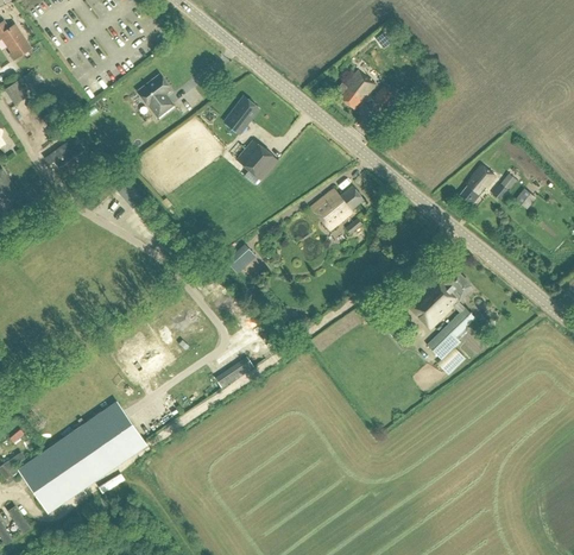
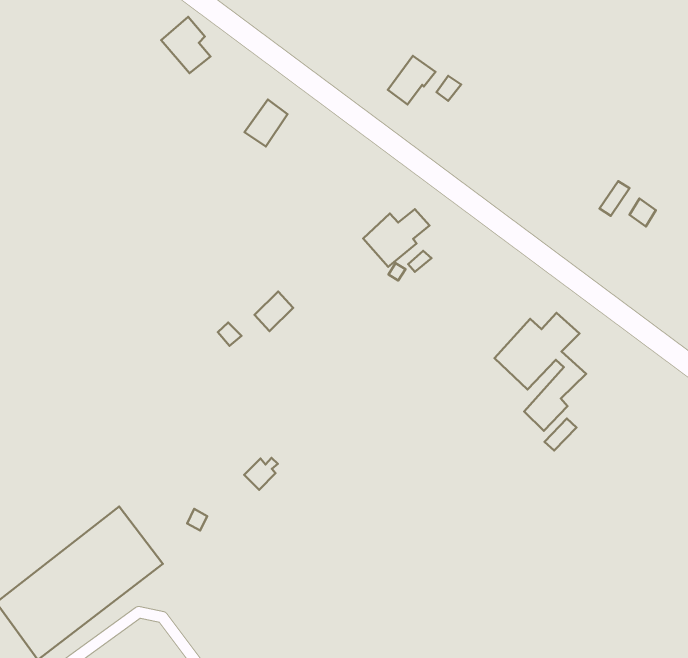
building: [139,75,176,118] -> [161,17,211,73]
building: [236,140,278,181] -> none
building: [458,164,494,206] -> none

